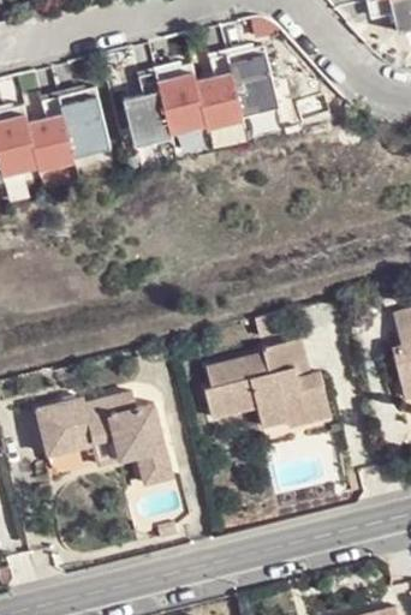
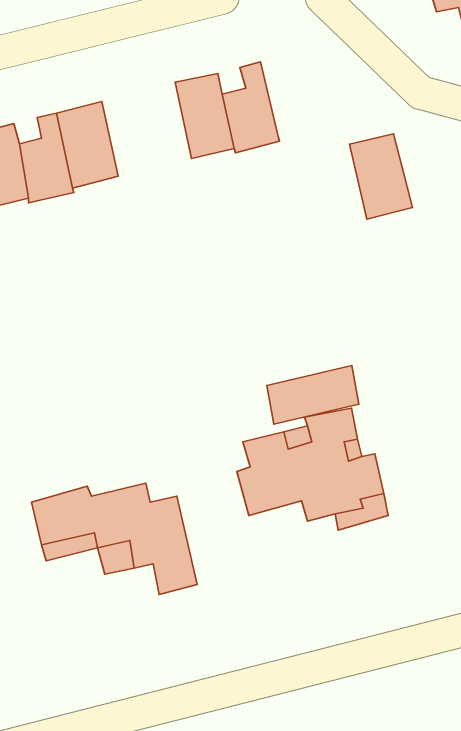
building: [226,44,278,114] -> [349,134,412,219]
building: [123,70,171,145] -> none
building: none -> [267,365,359,424]

